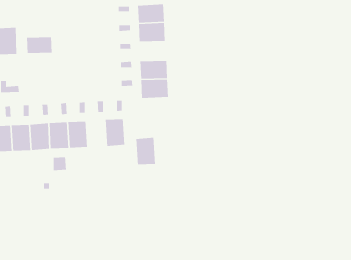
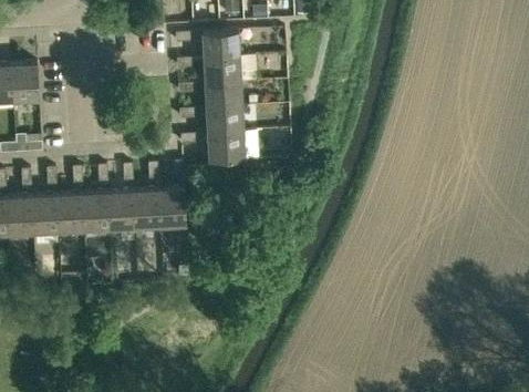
building: [26,36,52,54] -> none
building: none -> [205,84,243,111]
building: [135,137,156,165] -> [133,190,160,229]

